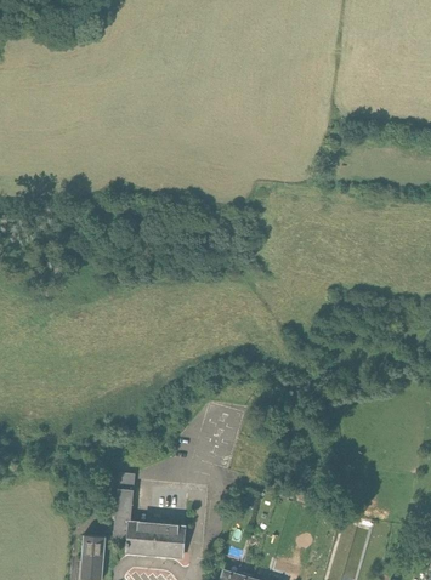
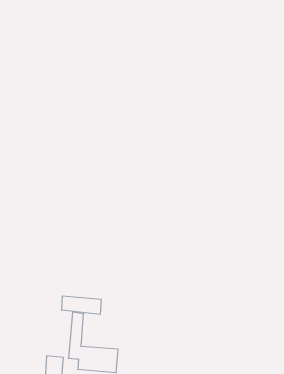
building: none -> [62,296,101,314]

